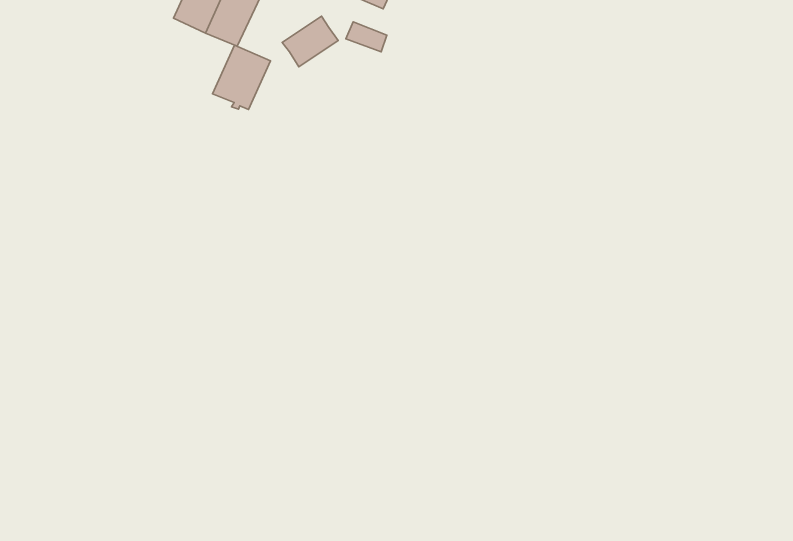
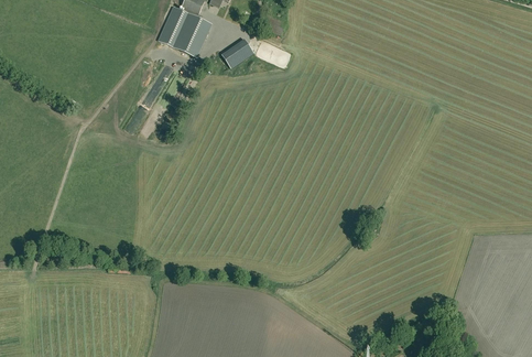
building: [213,45,270,109] -> none

